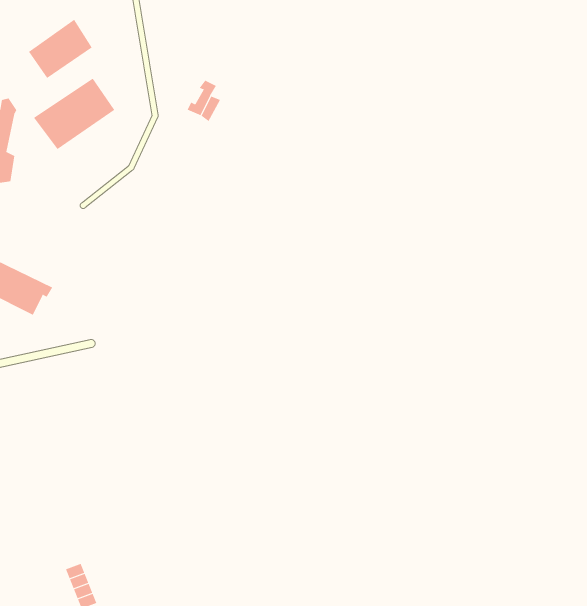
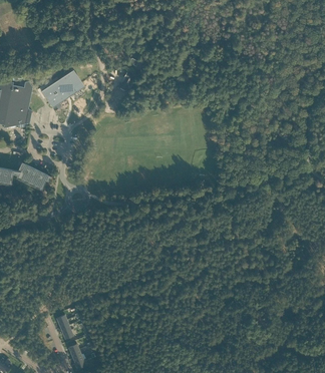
building: [28,19,92,79] -> none

